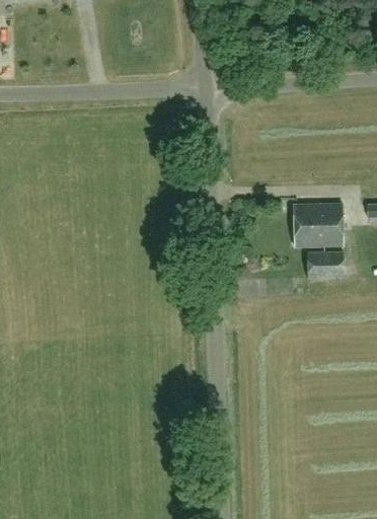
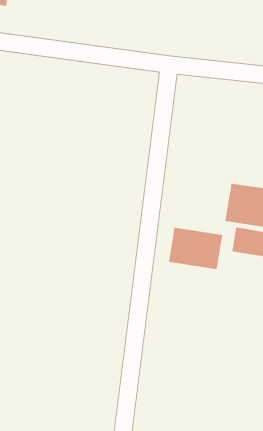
building: none -> [168,227,223,270]

